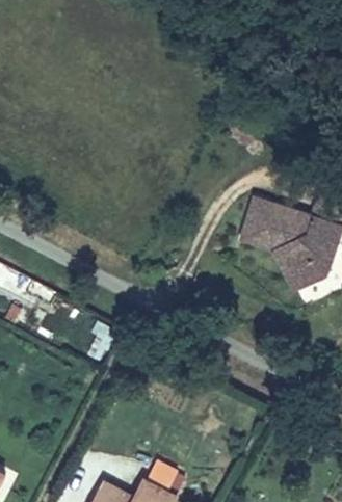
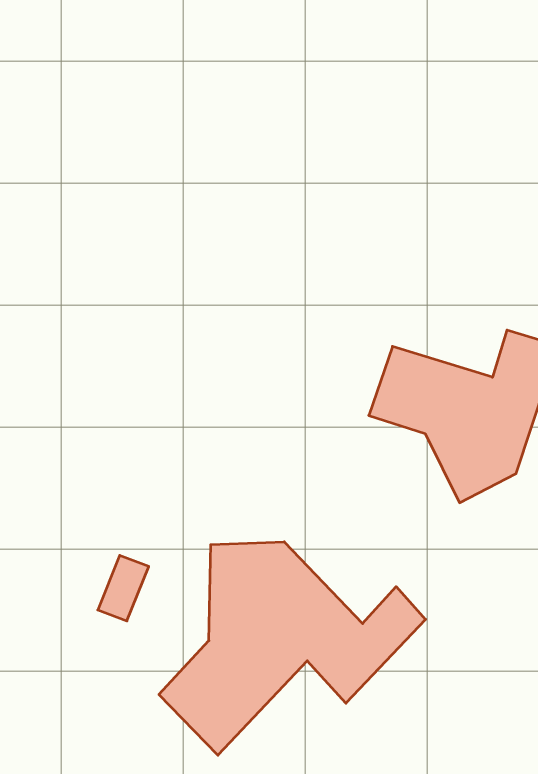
building: none -> [159,542,426,755]

